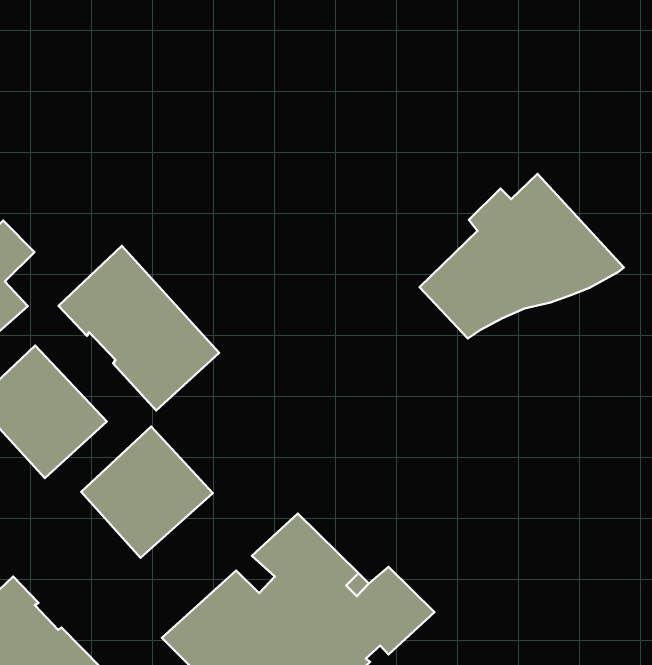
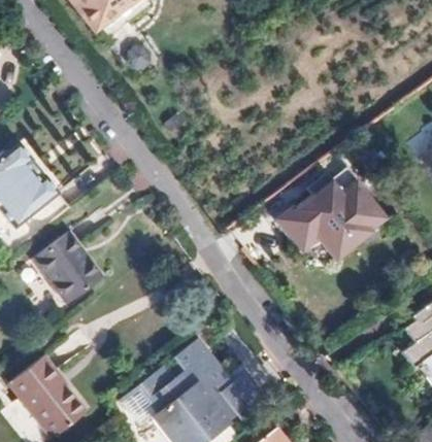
building: [59,246,219,411] -> none
building: [81,427,213,558] -> none

